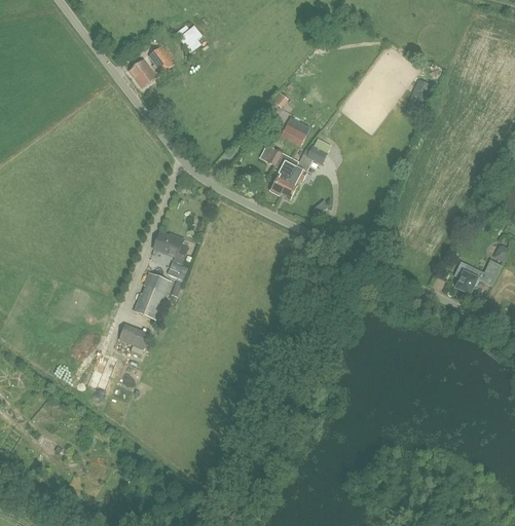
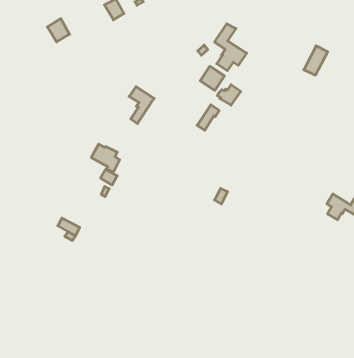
building: [127,58,156,87] -> [47,19,70,42]
building: none -> [215,24,247,71]
building: [266,148,298,194] -> [129,87,154,124]
building: [134,271,170,318] -> none

